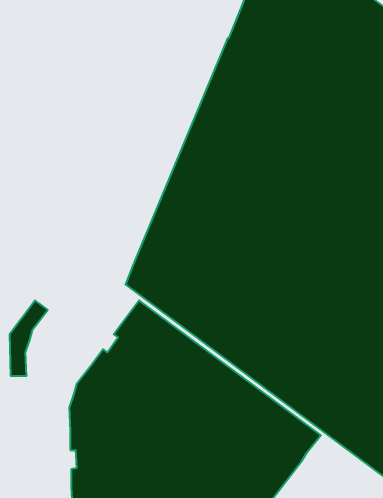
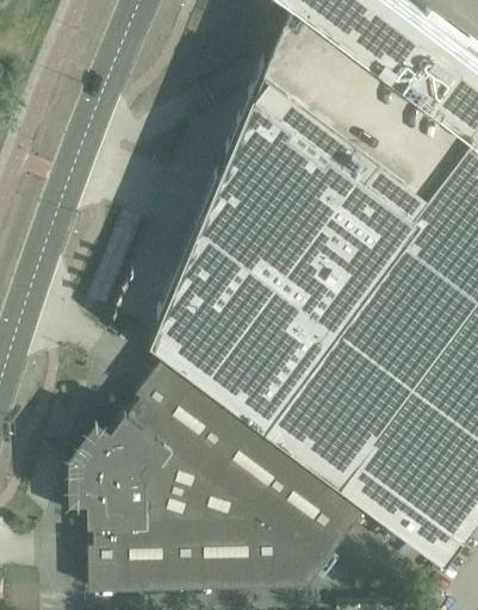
building: [10,300,48,376] -> [68,429,111,513]

